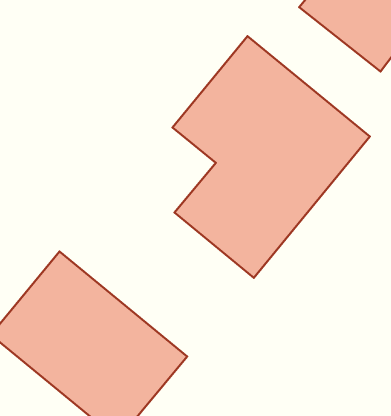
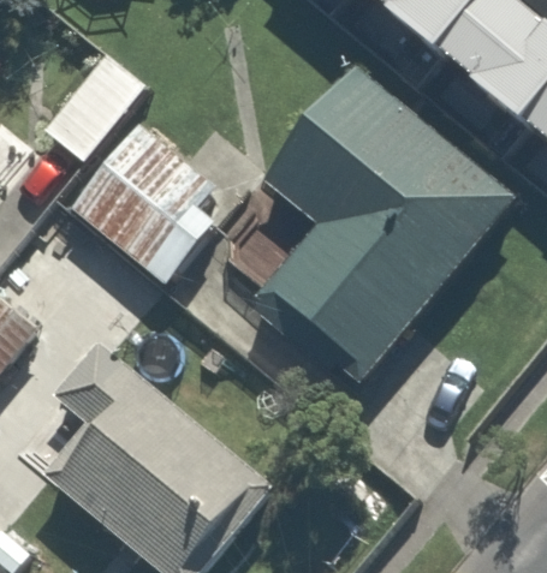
building: none -> [46,59,243,291]

